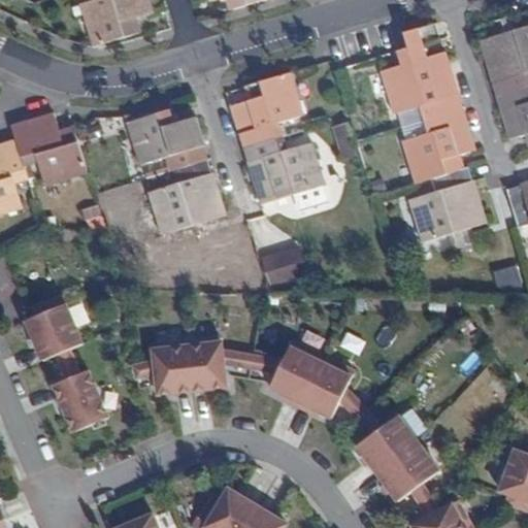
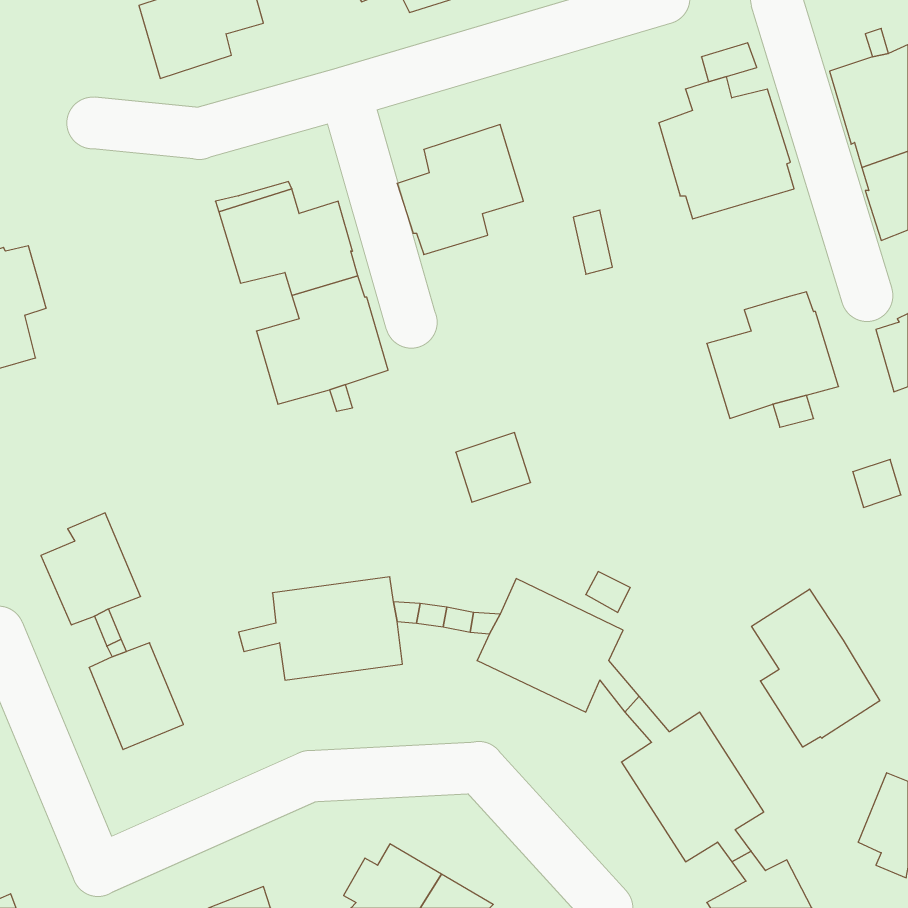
building: [401,109,474,185] -> none
building: [11,112,88,186] -> none
building: [245,136,325,212] -> none
building: none -> [752,589,880,747]

